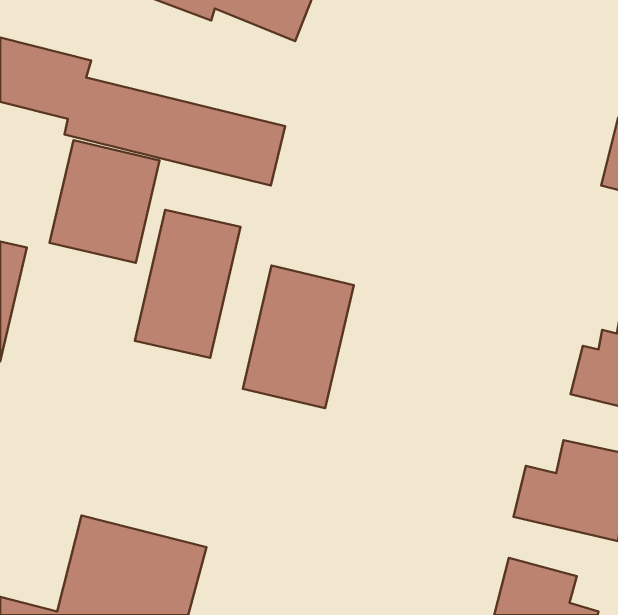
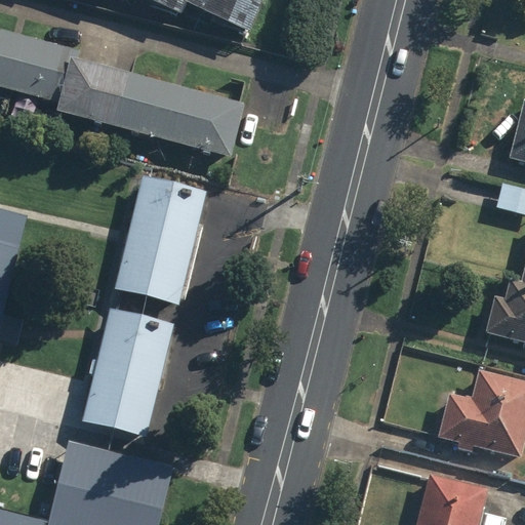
building: [50,140,159,263] -> none
building: [243,266,354,408] -> none
building: none -> [84,306,173,436]

